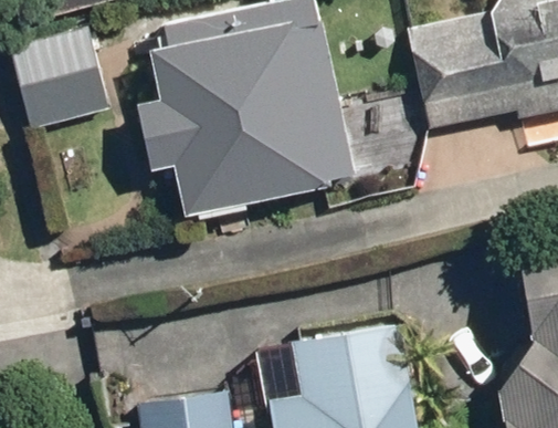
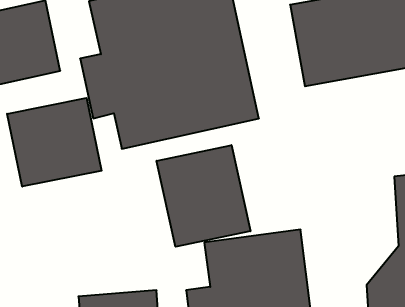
building: none -> [7,98,102,187]
building: none -> [157,145,250,247]

